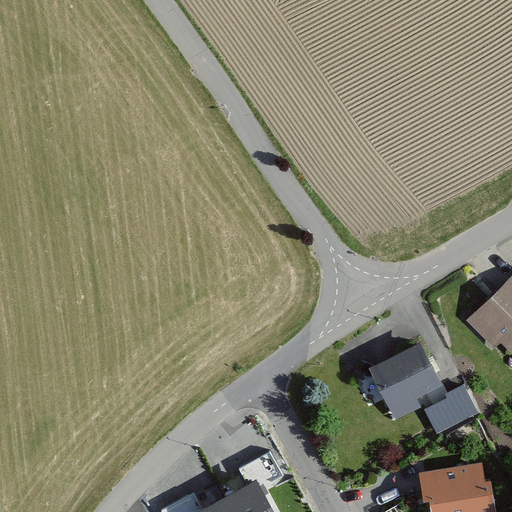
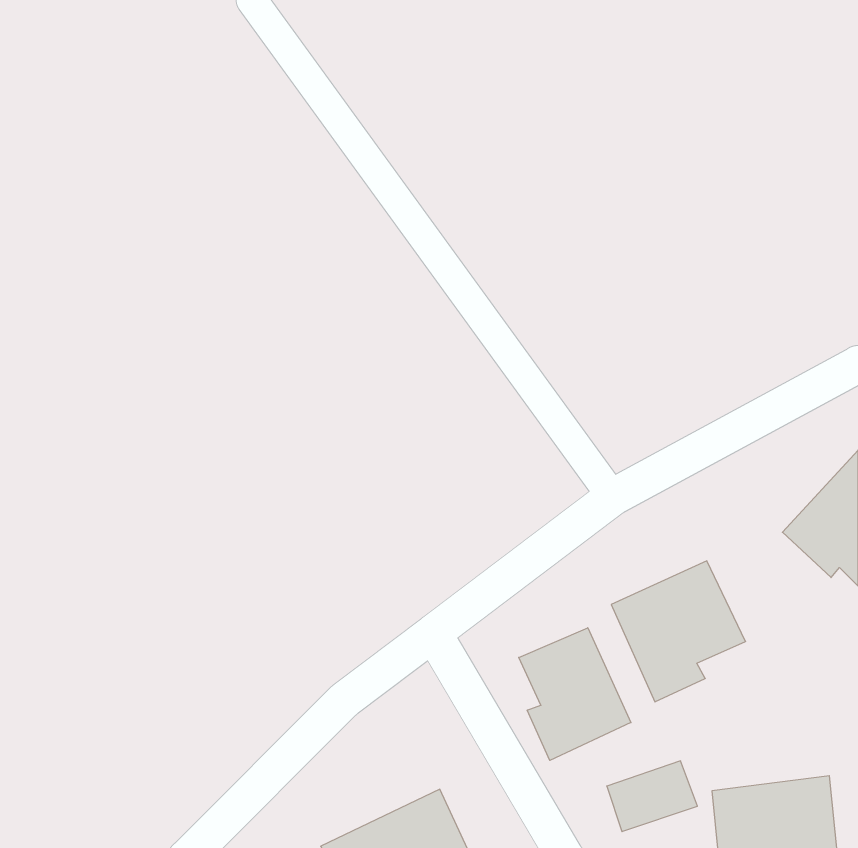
building: none -> [519,628,631,760]
building: [424,388,478,430] -> [607,761,697,832]

